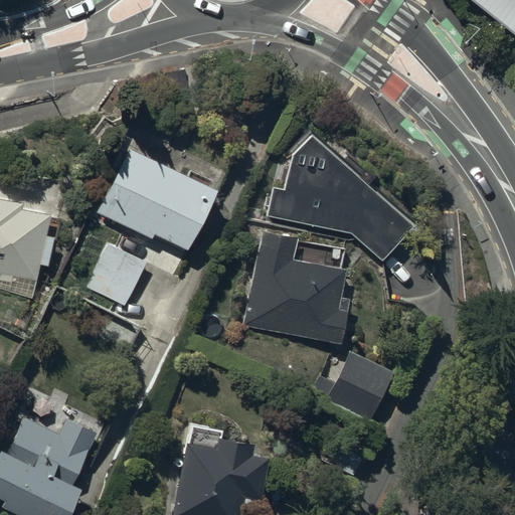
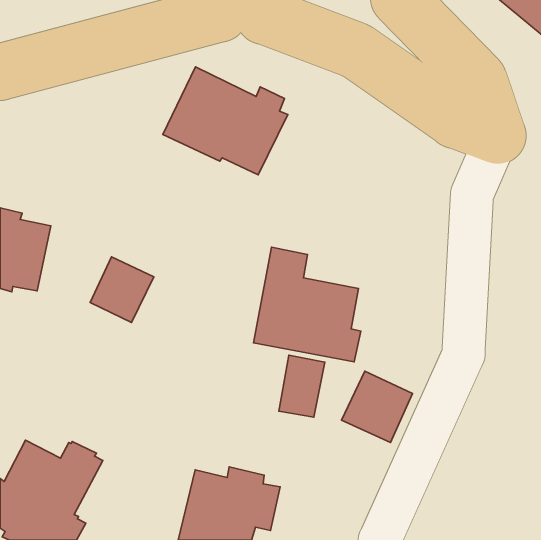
building: [270,130,415,258] -> none
building: [97,150,215,252] -> [163,67,288,175]
building: none -> [279,355,325,417]

